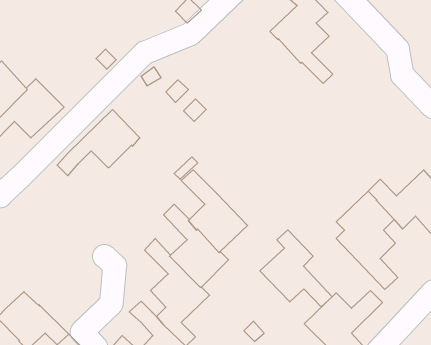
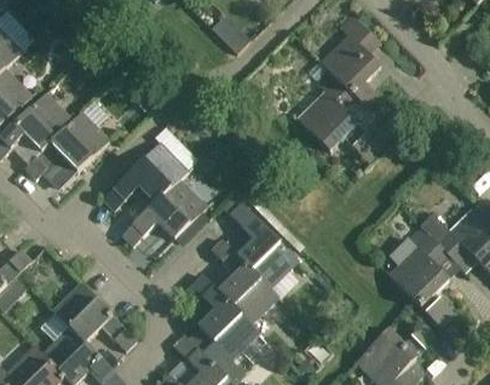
building: none -> [298,69,384,163]
building: none -> [121,178,207,245]
building: [260,230,332,307] -> none
building: none -> [52,282,137,349]

